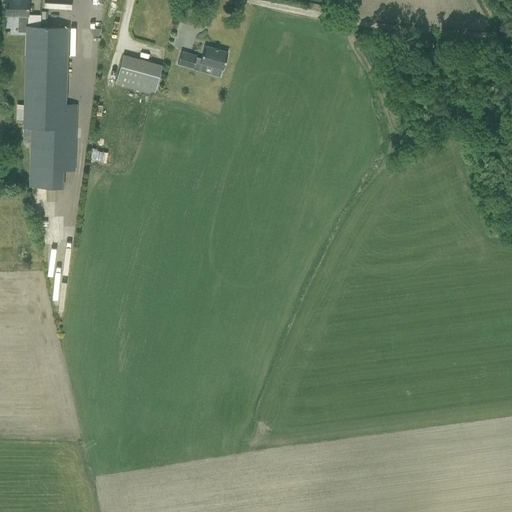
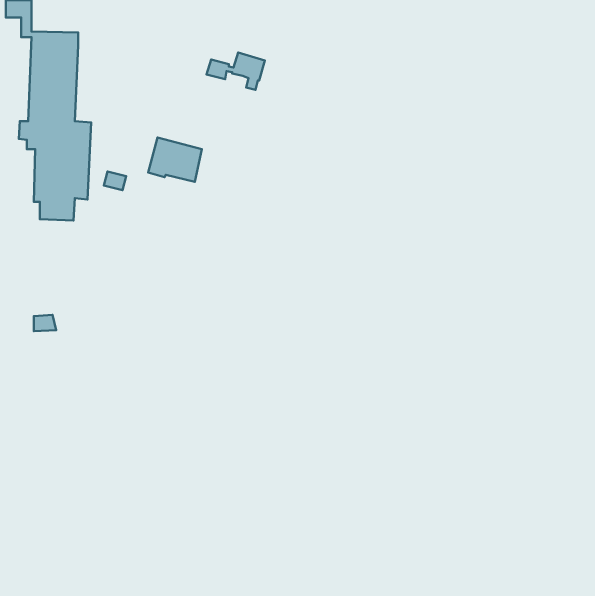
building: [116,54,162,92] -> [148,137,202,182]

